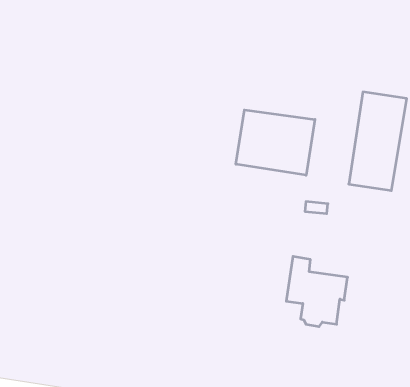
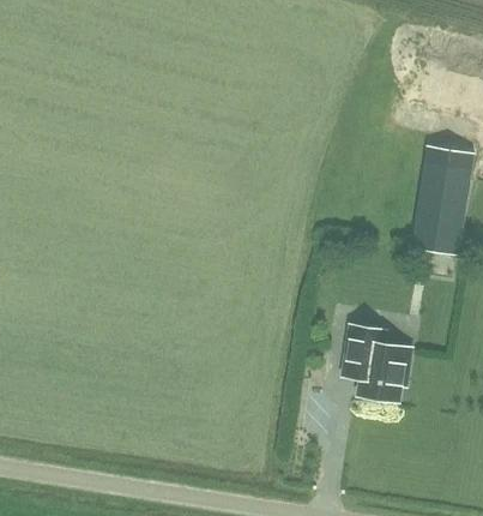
building: [236,110,315,175] -> none

